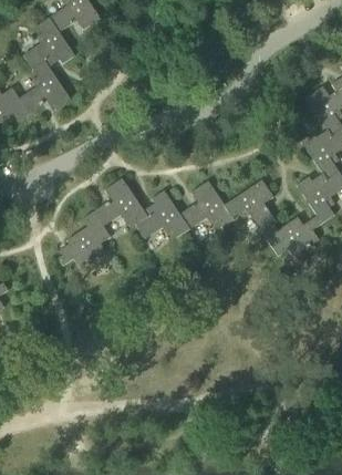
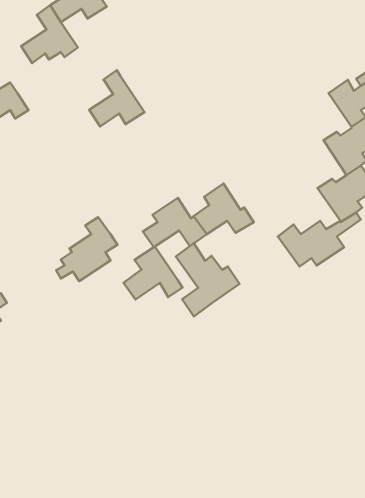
building: [19,61,70,113] -> [89,70,145,127]
building: [93,178,147,227] -> [124,247,183,300]
building: [227,179,273,229] -> none
building: none -> [176,243,239,317]

